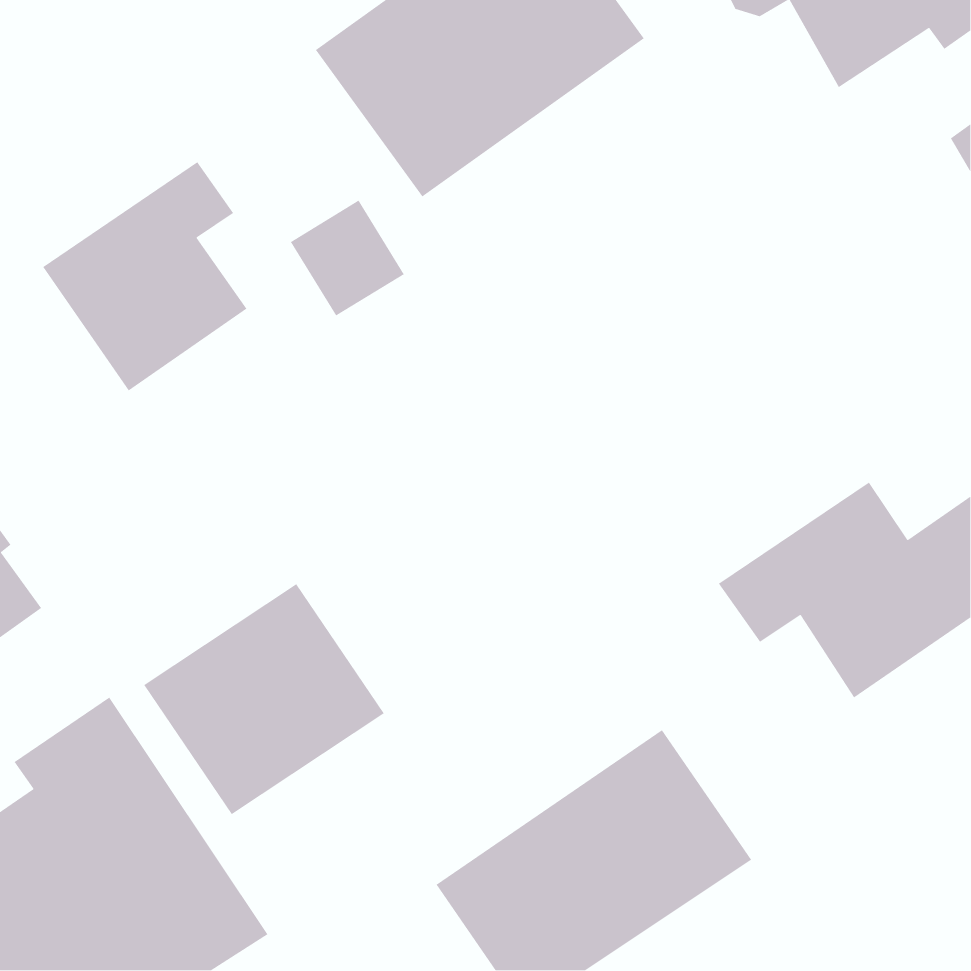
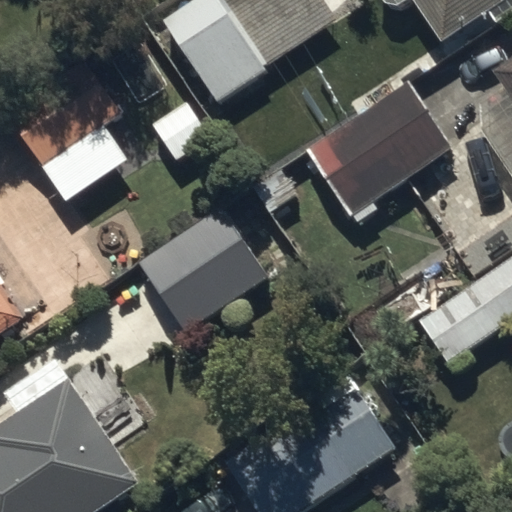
building: none -> [305,82,454,225]
building: [143,583,385,815] -> [140,211,266,332]

